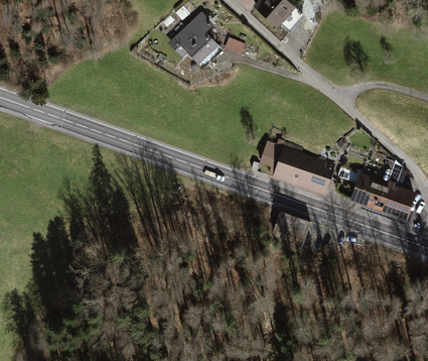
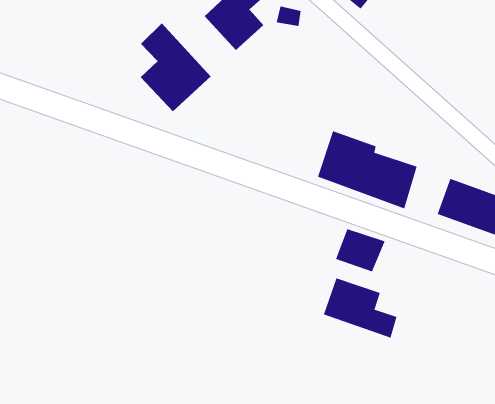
building: none -> [140,22,212,112]
building: none -> [323,278,397,338]

